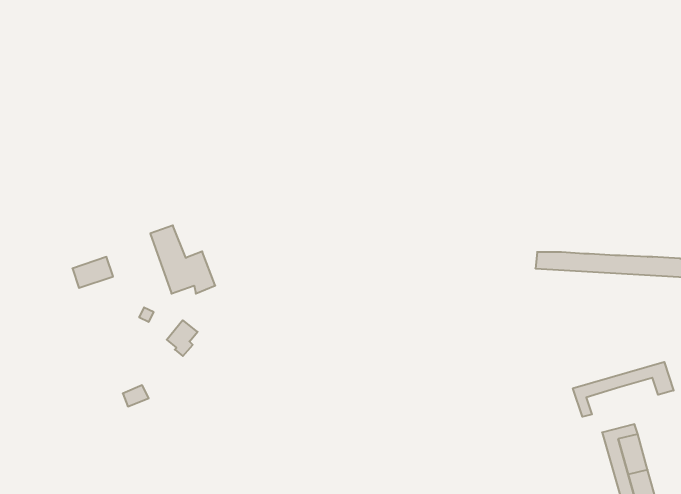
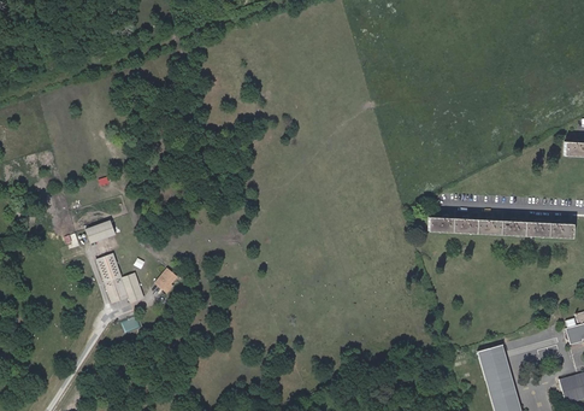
building: [150,225,215,294] -> [95,253,143,304]
building: [573,362,674,417] -> none

